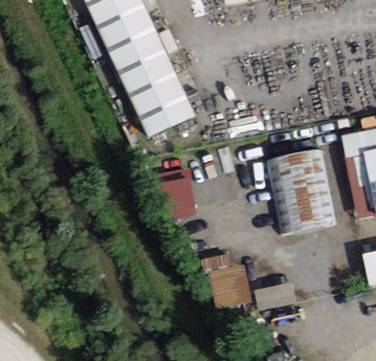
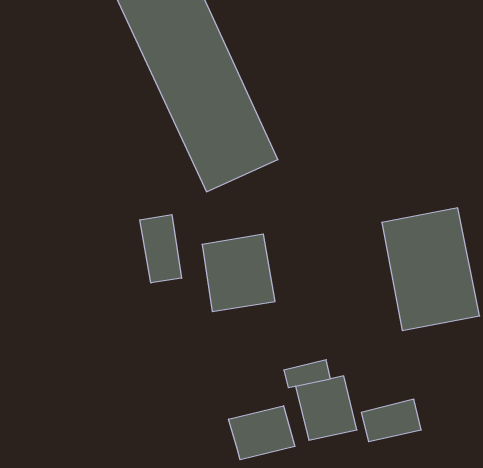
building: none -> [140,215,182,283]
building: none -> [229,406,295,460]

